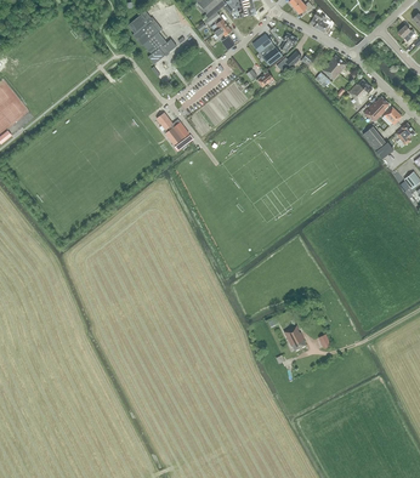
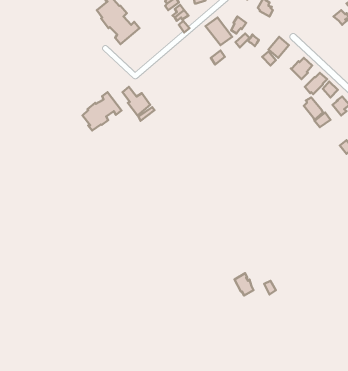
building: none -> [83,92,121,131]

